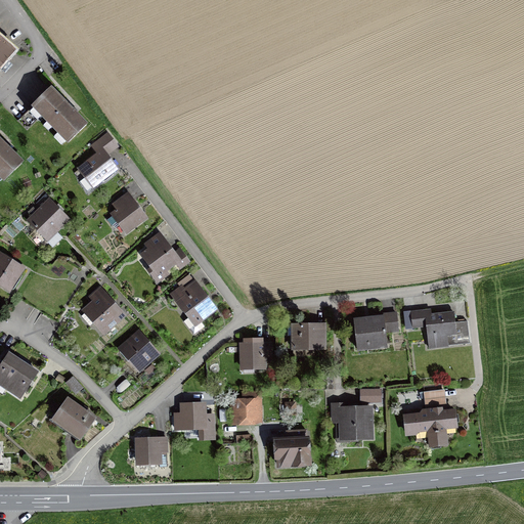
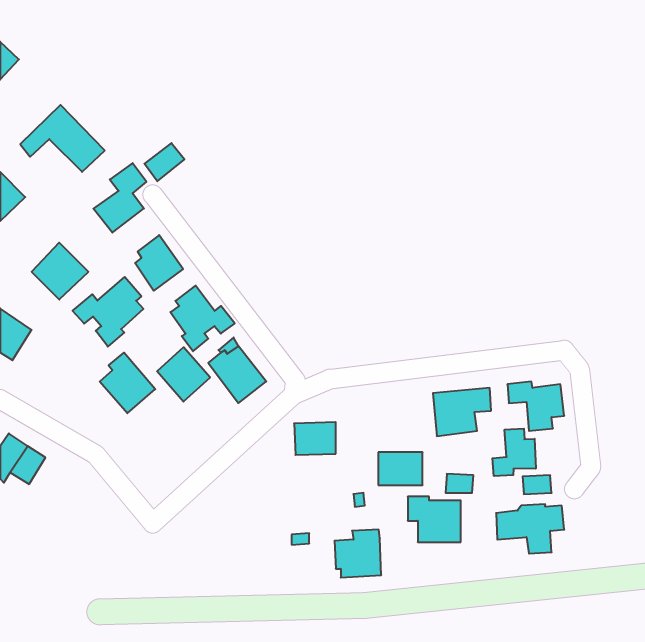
building: none -> [144,143,184,181]
building: none -> [73,277,143,347]
building: [290,324,325,351] -> [378,452,423,485]
building: [117,329,160,373] -> [157,347,210,402]
building: none -> [492,429,536,476]
building: [229,390,262,425] -> none
building: [50,397,94,439] -> none
building: [174,402,216,440] -> none
building: [134,437,168,465] -> none

